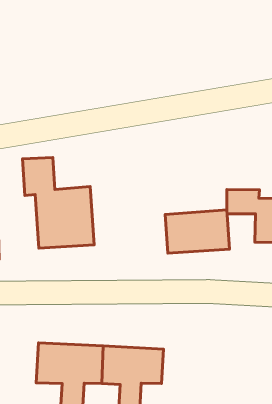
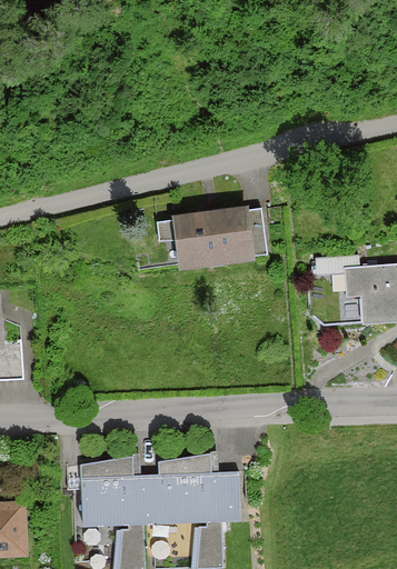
building: [22,157,94,248] -> none
building: [165,210,229,253] -> [170,197,258,259]

